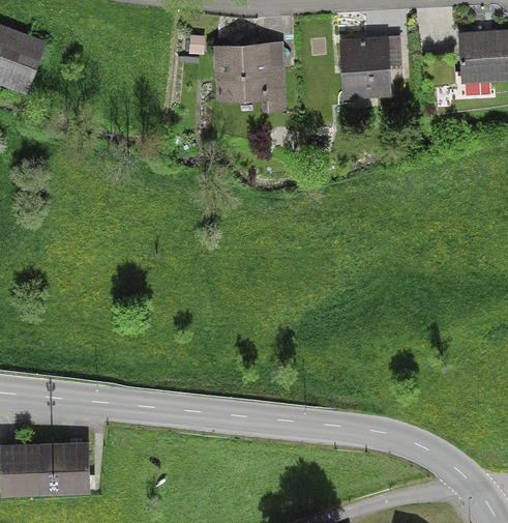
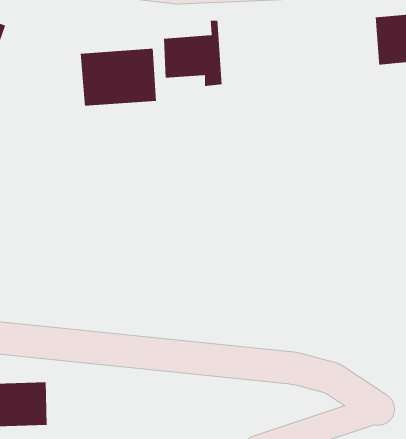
building: [341,33,399,98] -> none
building: none -> [80,48,157,107]

